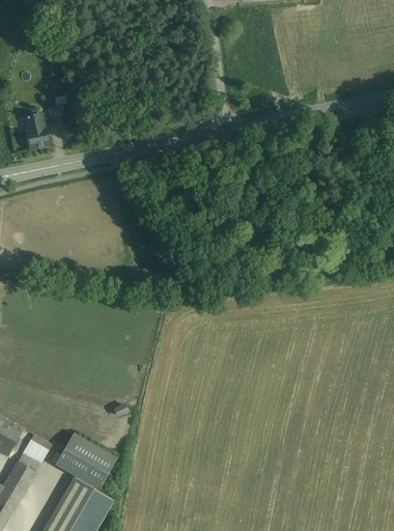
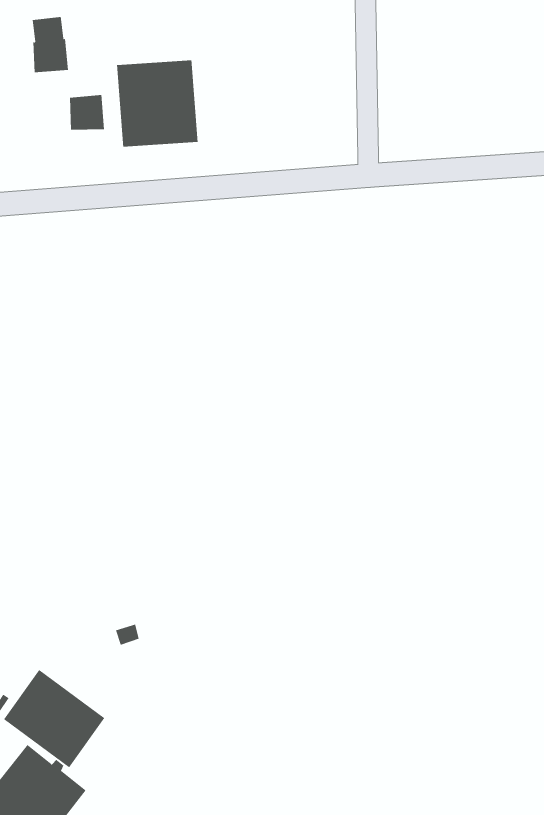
building: none -> [116,60,198,147]
building: [24,115,49,149] -> [32,16,69,73]

